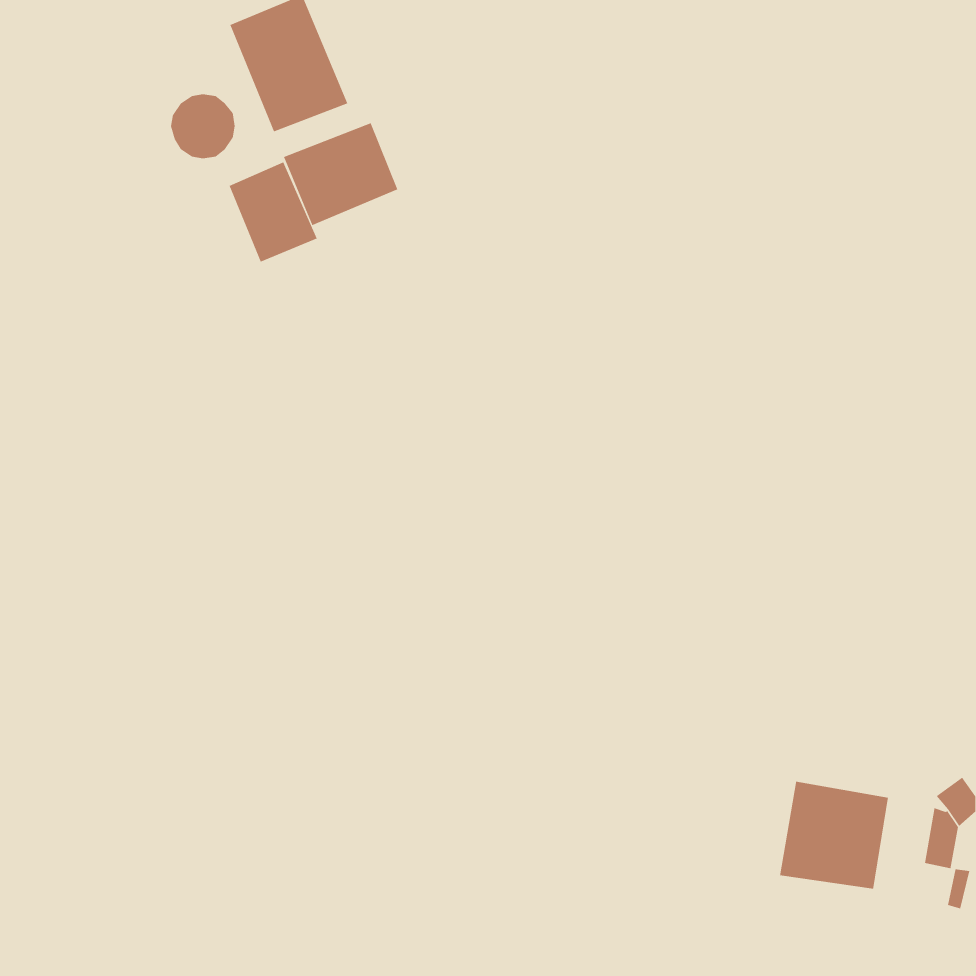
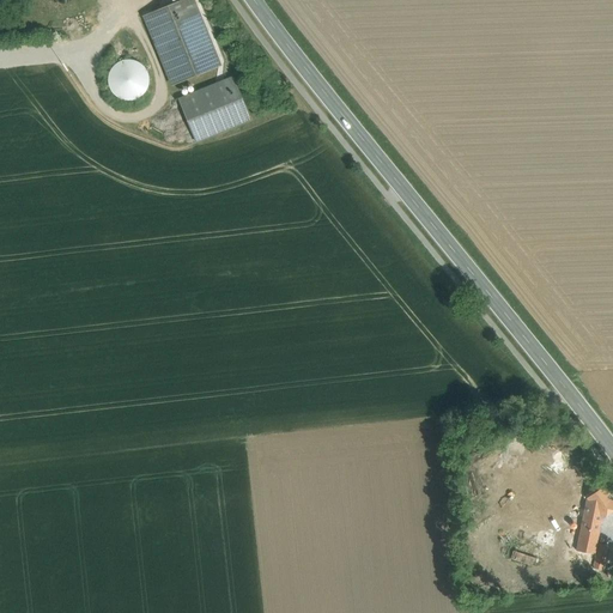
building: [229,162,318,263] -> none
building: [779,781,888,890] -> none

